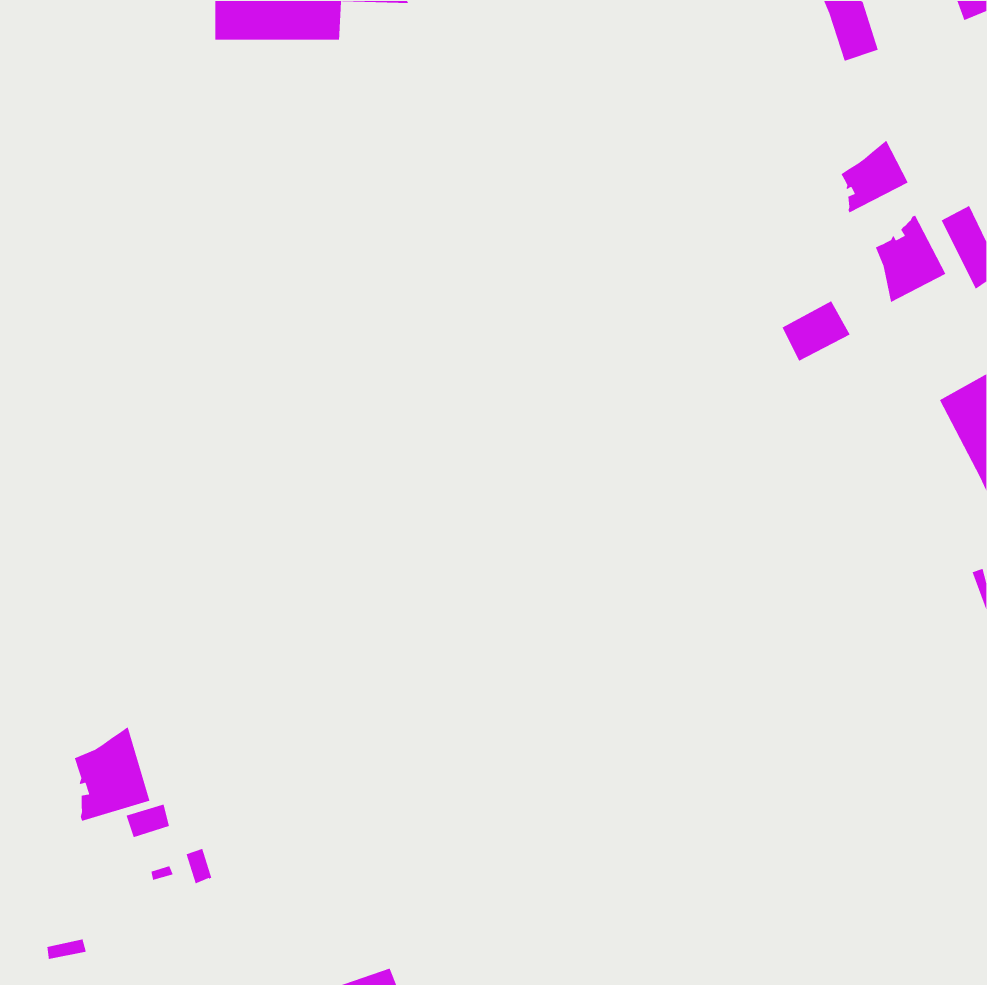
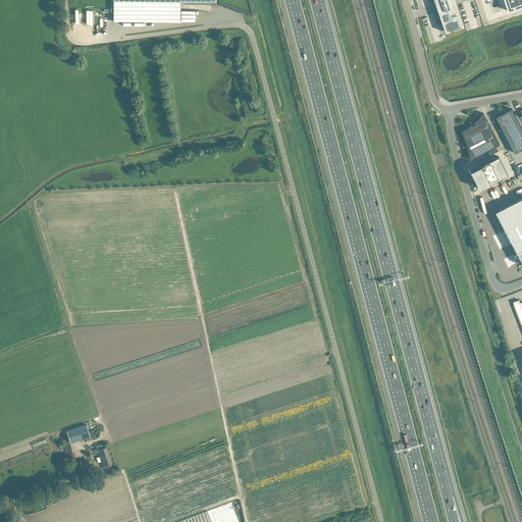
building: [840,140,909,214] -> none
building: [781,300,851,362] -> [472,157,509,190]
building: [74,726,151,822] -> none

